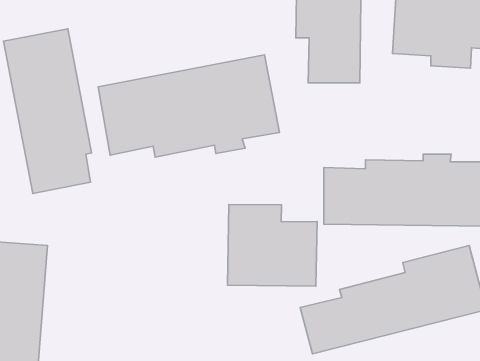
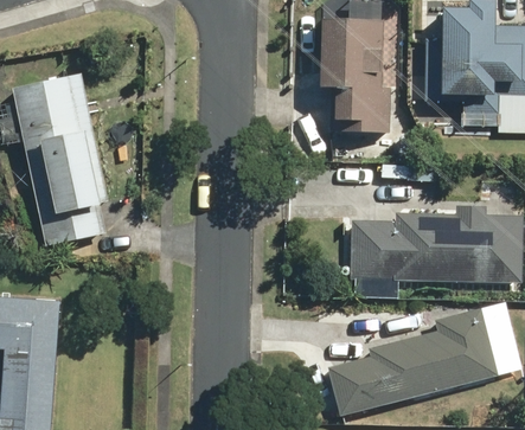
building: [98,55,279,157] -> none
building: [227,205,317,286] -> none

